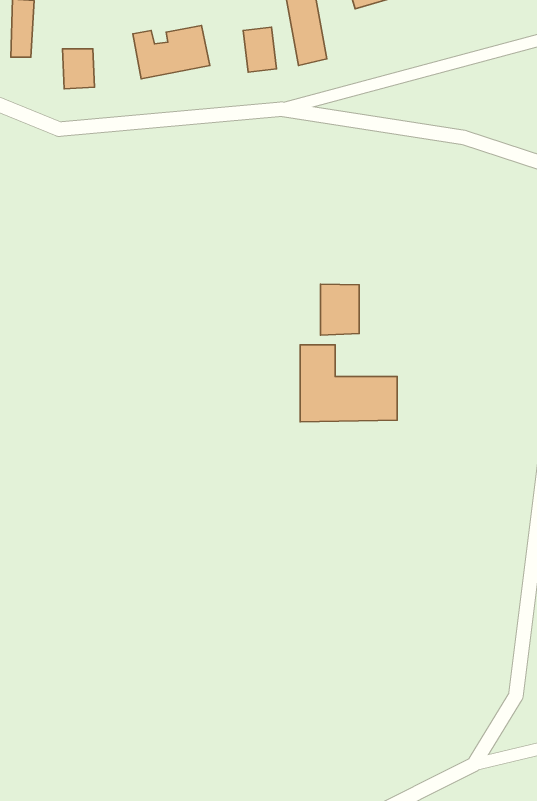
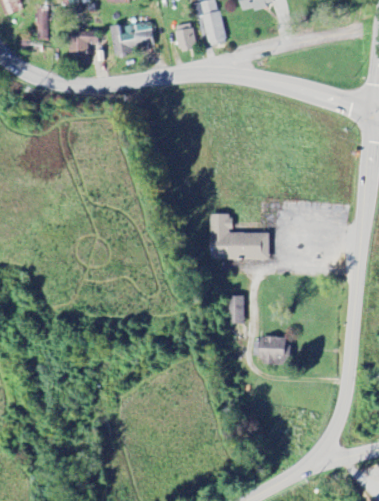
building: [320,284,359,335] -> none
building: none -> [226,295,245,323]
building: none -> [259,336,288,364]

